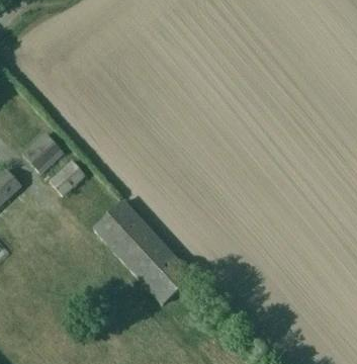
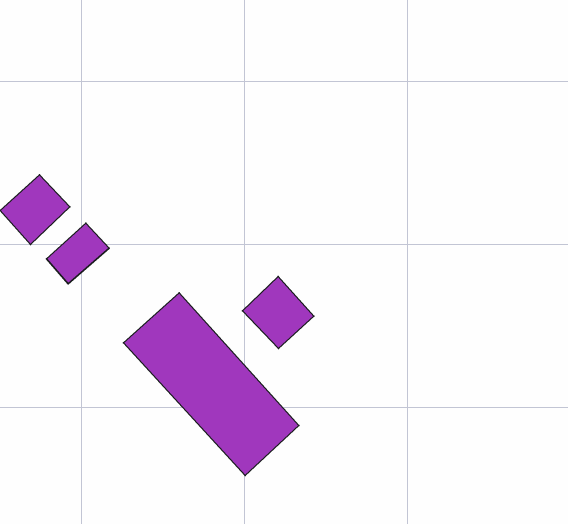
building: none -> [243,277,314,349]

